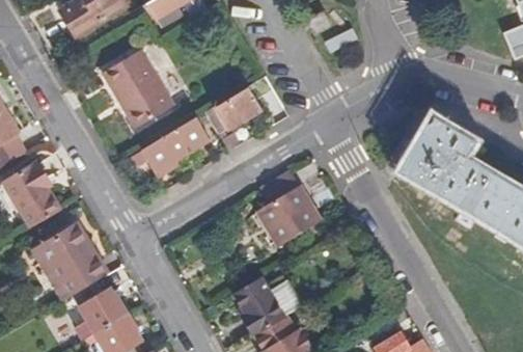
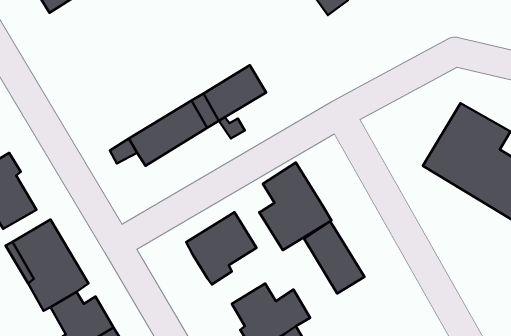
building: [104,48,175,128] -> none
building: none -> [186,212,256,285]
building: none -> [304,221,365,294]

